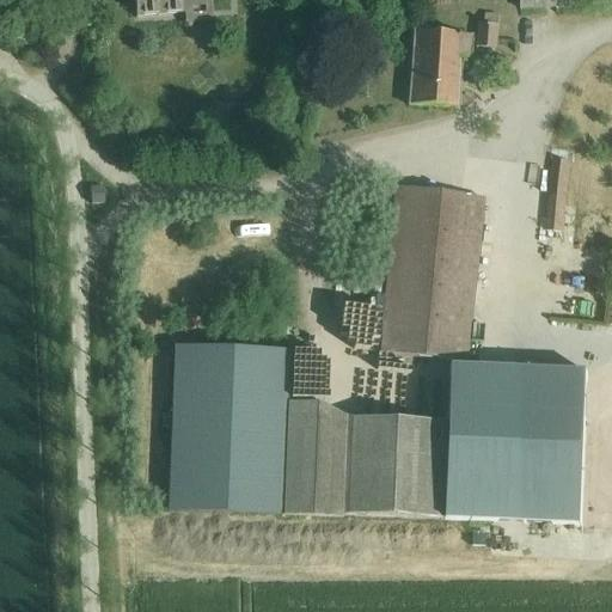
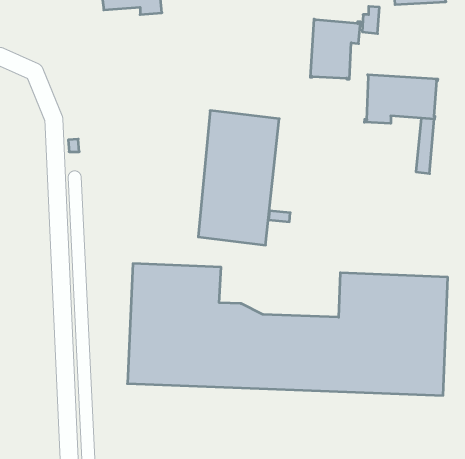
building: none -> [364,75,438,123]
building: [379,182,485,359] -> [198,111,279,245]

